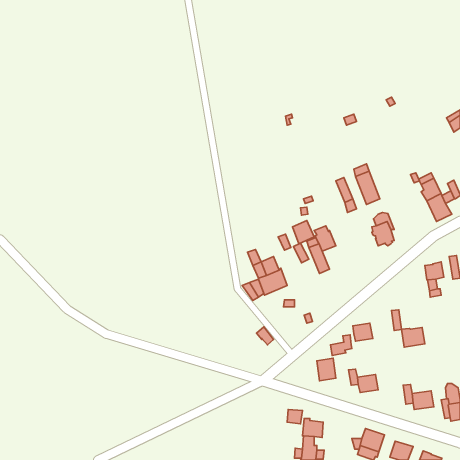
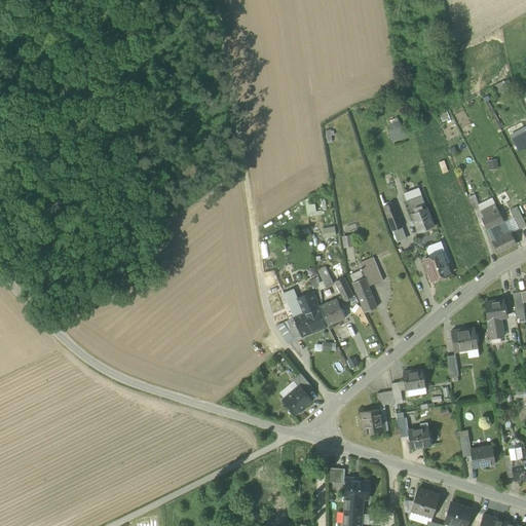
building: [293,221,314,244] -> [321,299,345,326]
building: [401,328,425,347] -> [451,329,478,351]
building: none -> [284,386,310,414]

